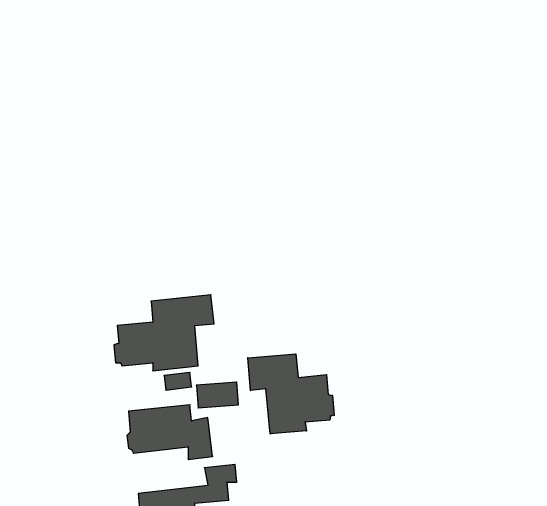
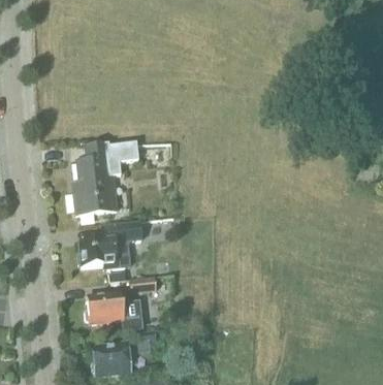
building: none -> [72,140,137,214]
building: [248,354,334,434] -> none

